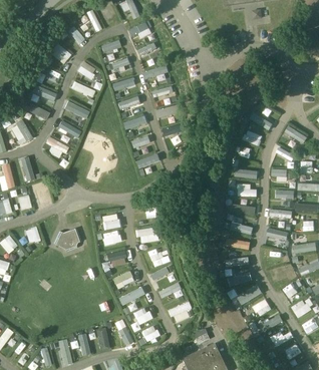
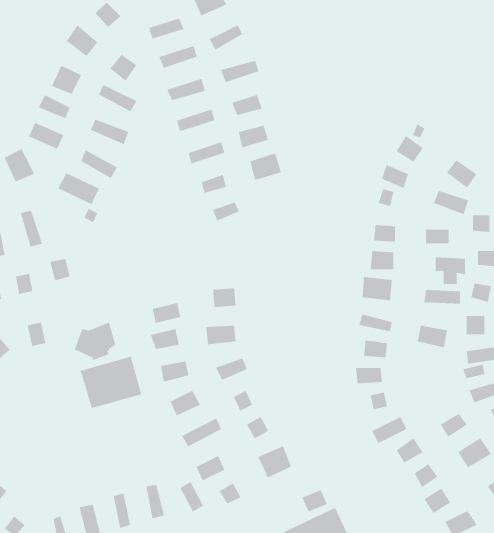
building: none -> [80,356,142,409]

